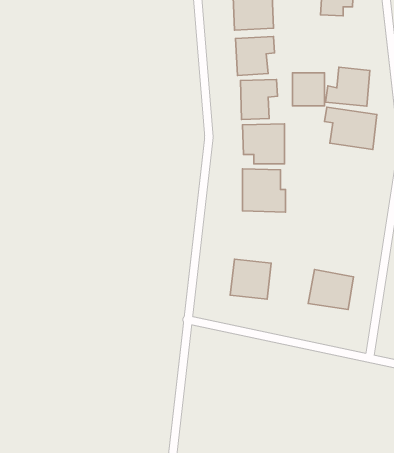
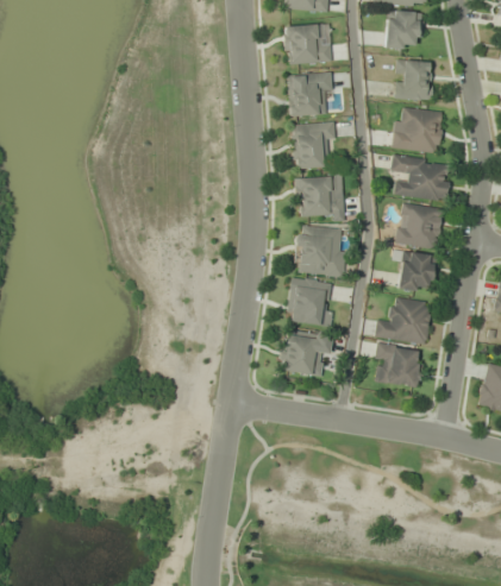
building: [293,73,324,106] -> [396,62,433,100]
building: none -> [394,202,443,250]
building: none -> [394,251,434,292]
building: none -> [287,278,333,326]
building: none -> [375,297,432,345]

